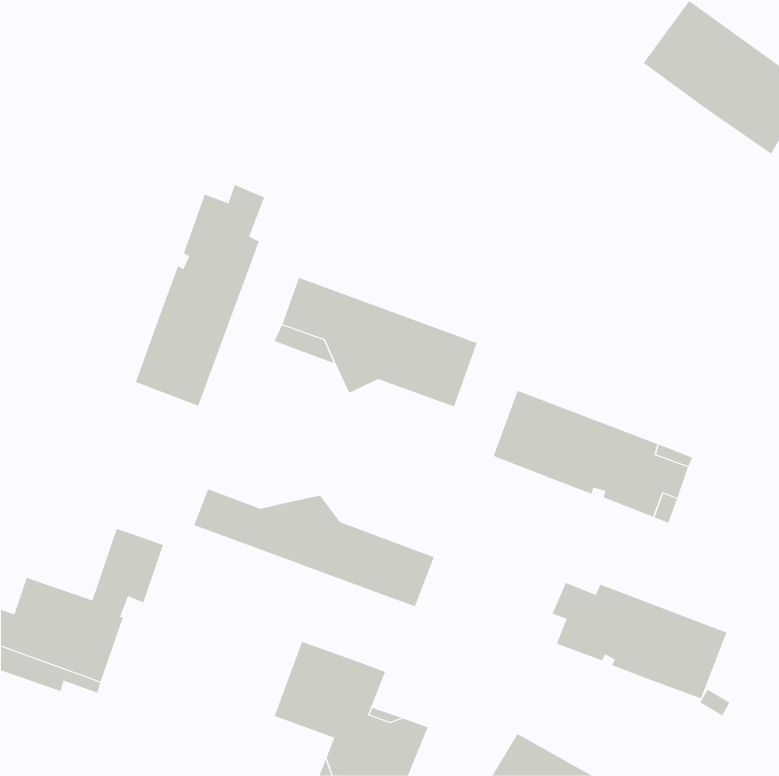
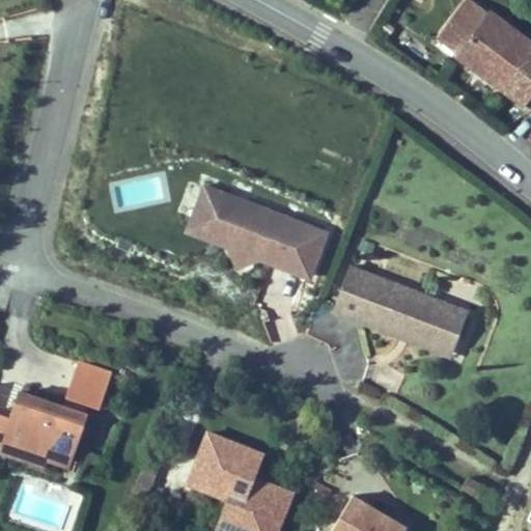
building: [135,184,265,407] -> none
building: [193,488,435,607] -> none
building: [552,582,727,699] -> none

